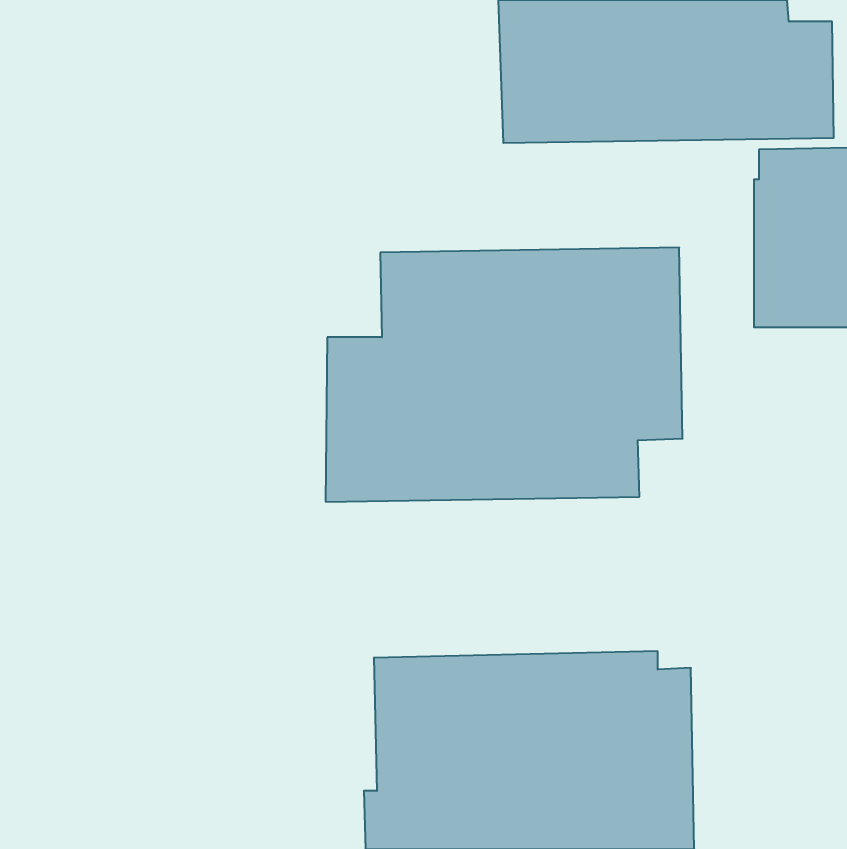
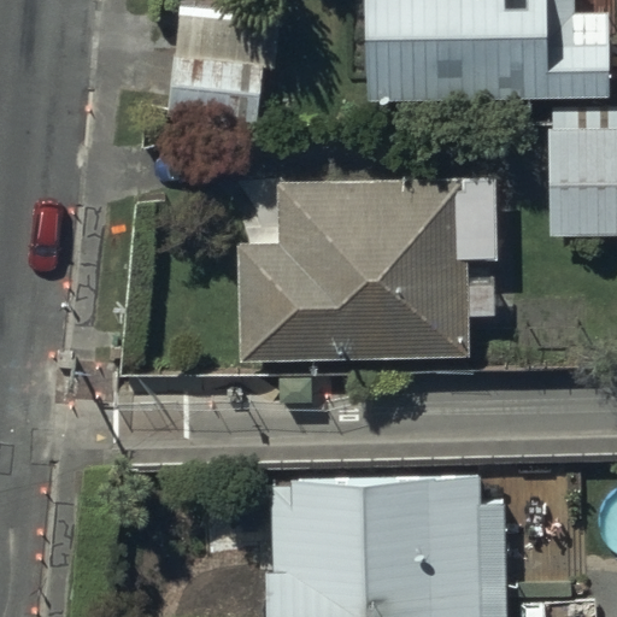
building: none -> [169,6,278,116]

